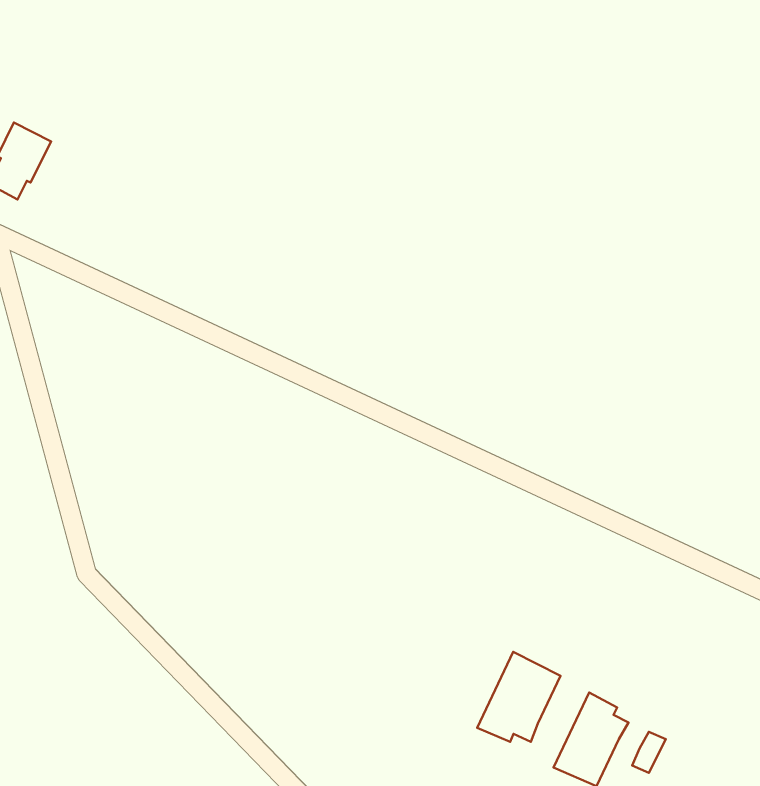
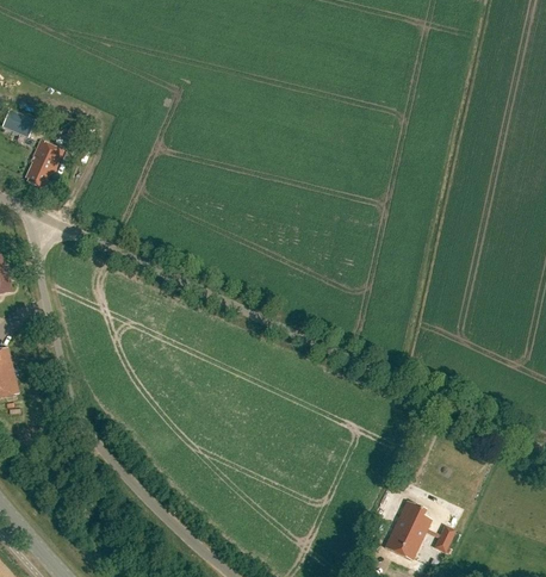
building: [477,652,560,742] -> none

